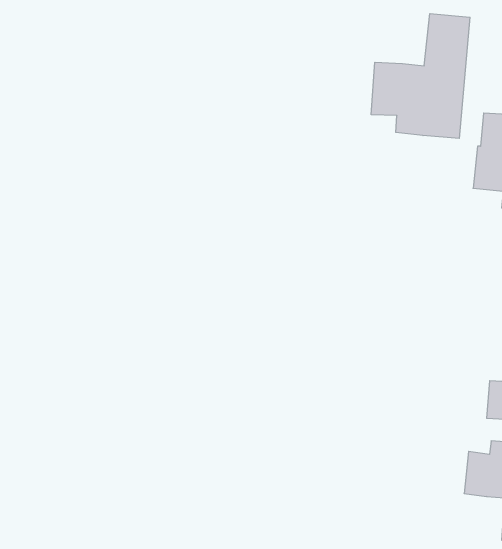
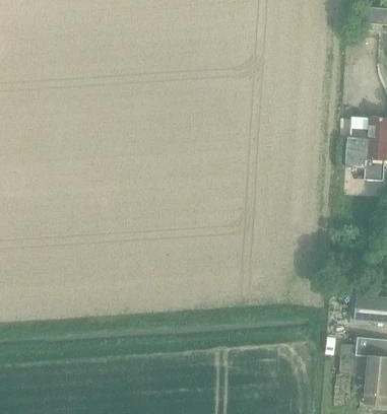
building: [371,14,470,138] -> none

